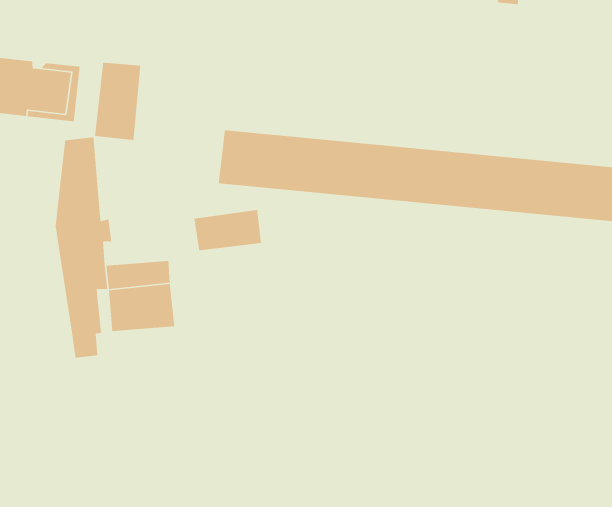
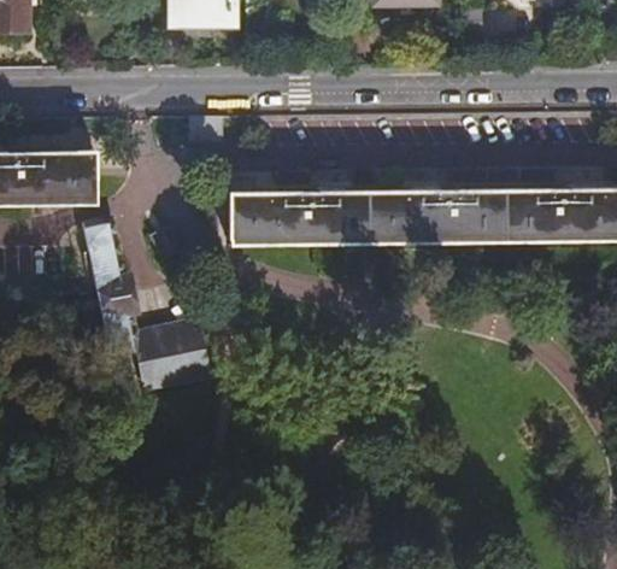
building: [94,62,141,141] -> none
building: [193,209,262,251] -> none

